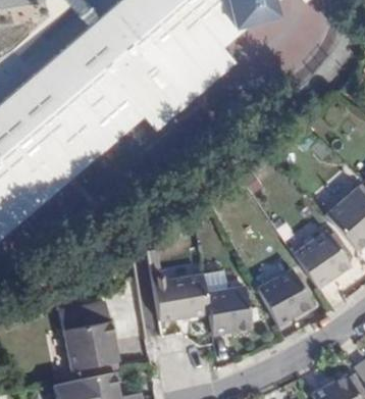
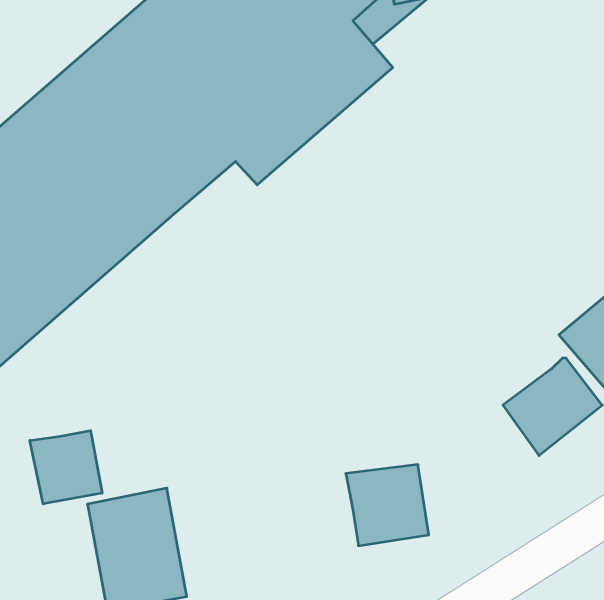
building: none -> [30,431,102,504]
building: [152,269,210,320] -> none
building: [258,269,313,323] -> none

